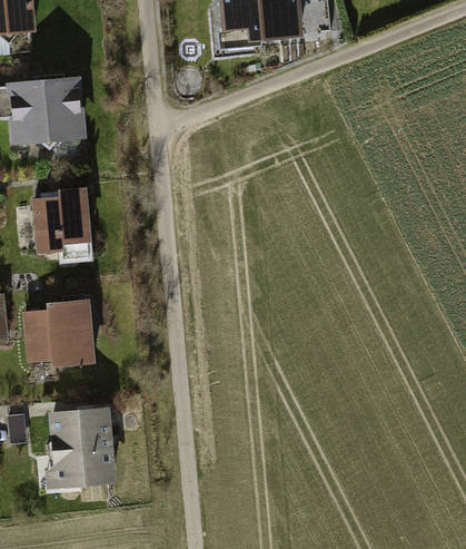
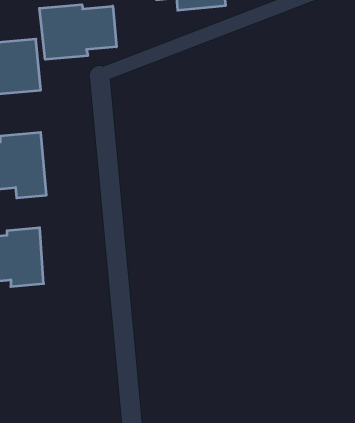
building: none -> [39,5,116,59]
building: [46,406,117,489] -> none

